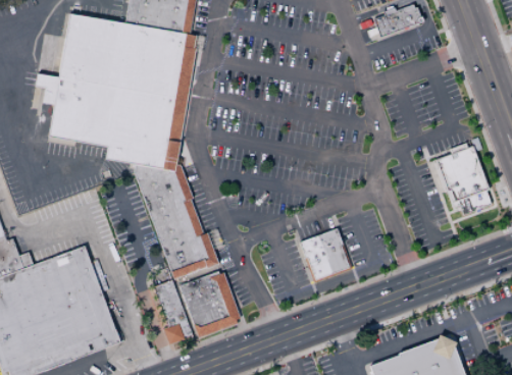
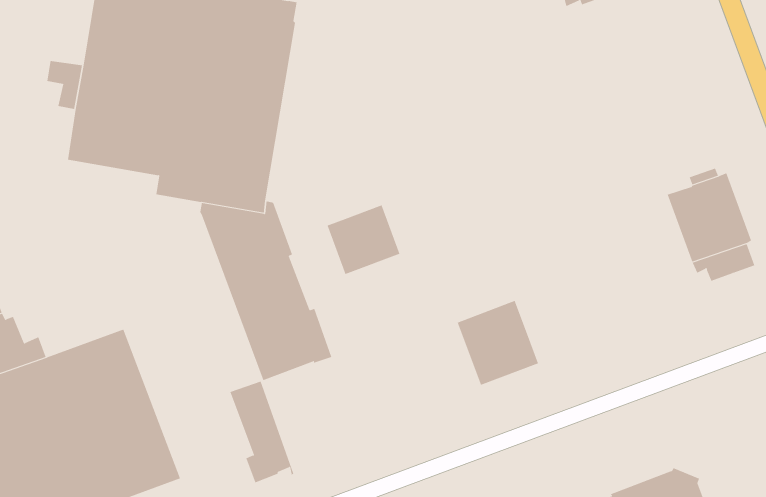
building: none -> [327,205,400,275]
building: [178,270,241,338] -> none

